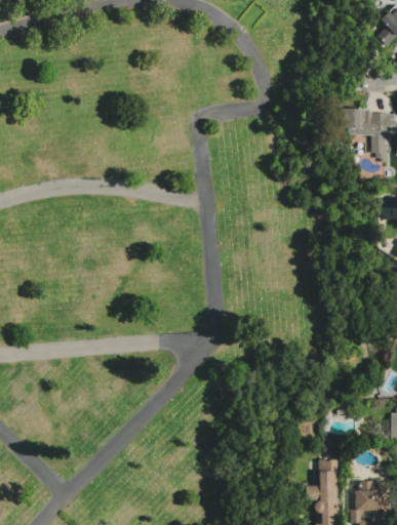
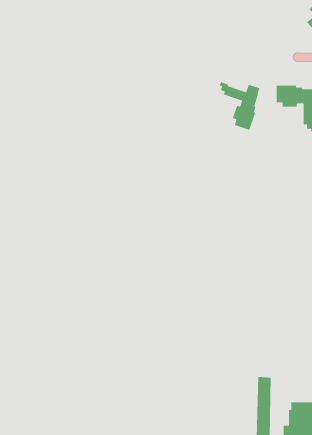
building: none -> [219,81,260,131]

